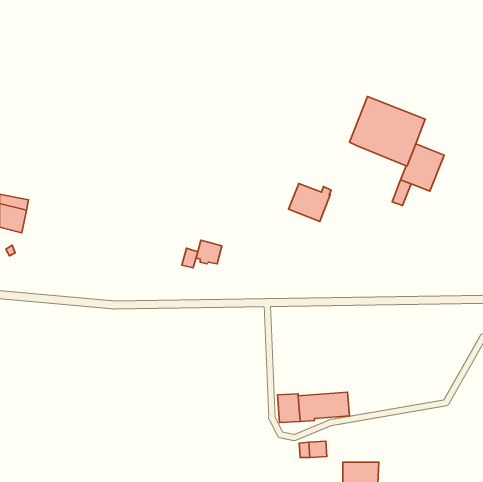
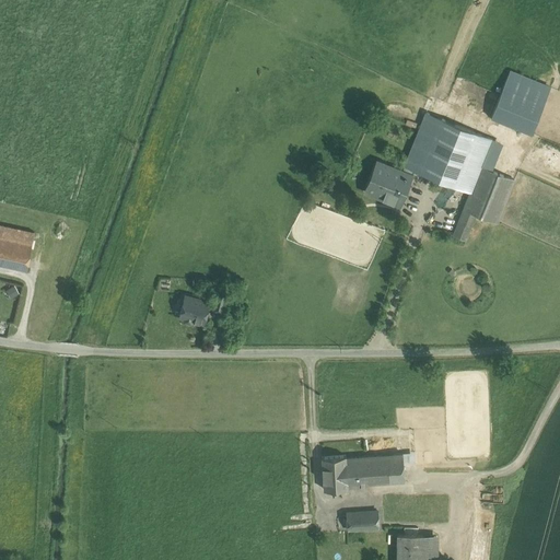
building: none -> [490,73,549,136]
building: [289,184,331,221] -> [363,163,412,207]
building: [196,240,222,264] -> [178,296,208,324]

